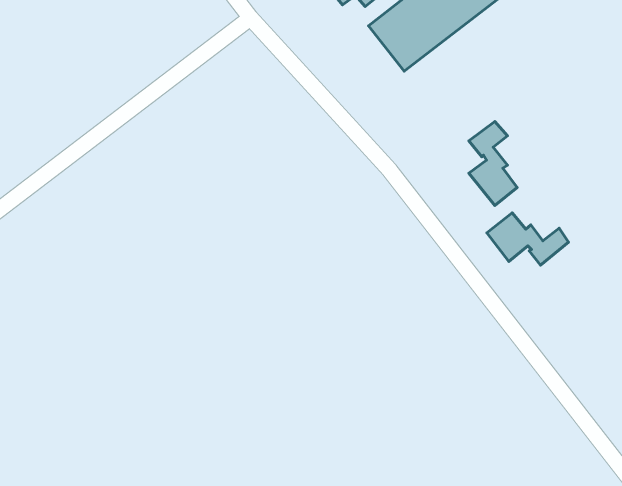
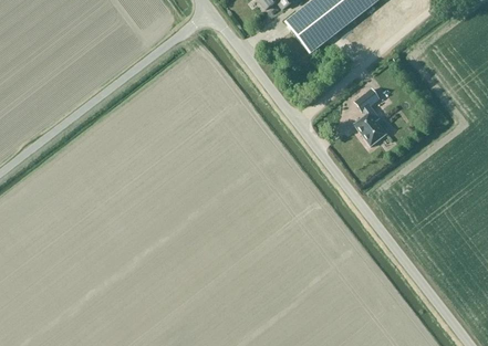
building: [487,213,568,265] -> none

